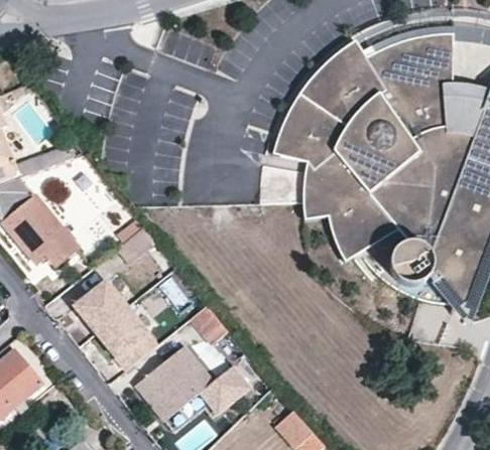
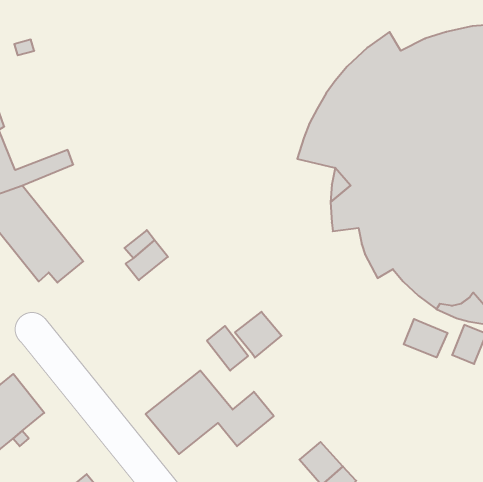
building: [73,279,158,370] -> none
building: none -> [235,312,282,358]
building: none -> [404,319,448,357]

